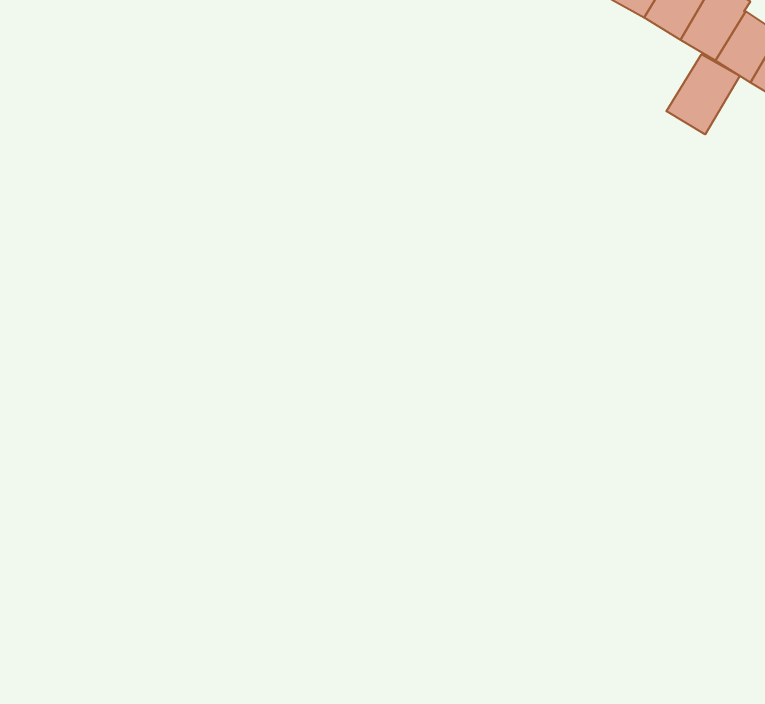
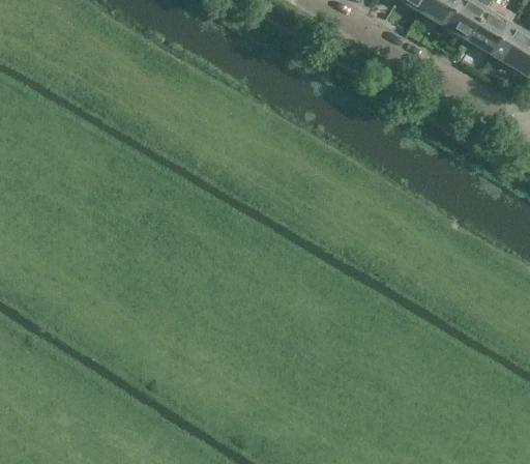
building: [666,54,740,134] -> none

